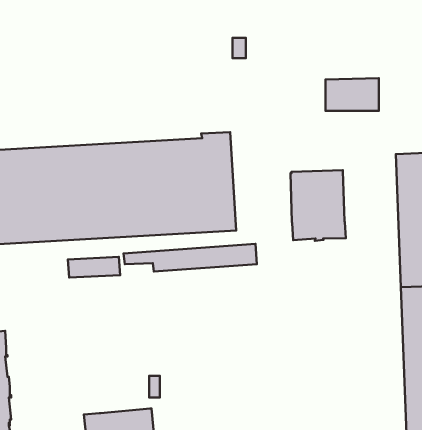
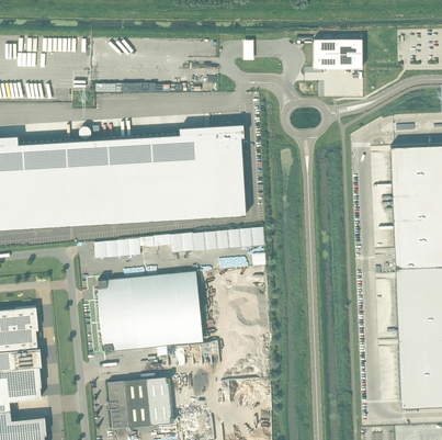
building: [326,78,379,111] -> [314,40,362,69]
building: [290,170,346,241] -> none
building: none -> [98,274,203,353]

